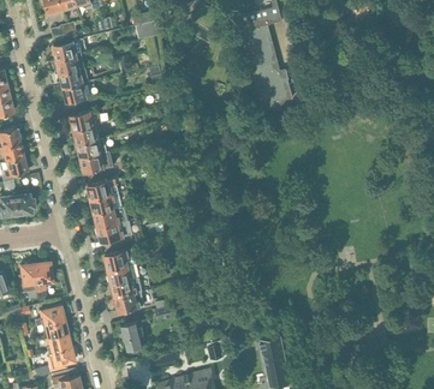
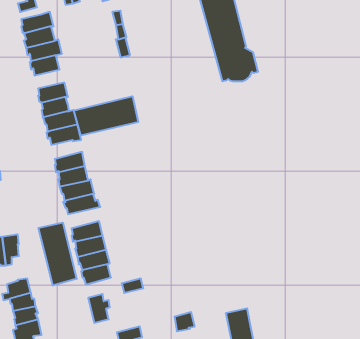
building: none -> [74,96,138,136]
building: none -> [38,223,77,286]

